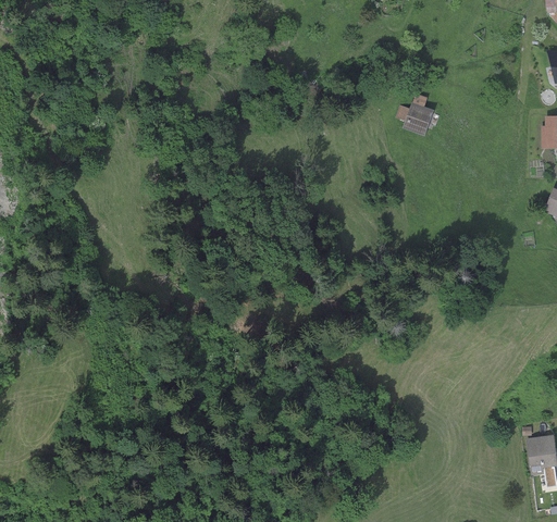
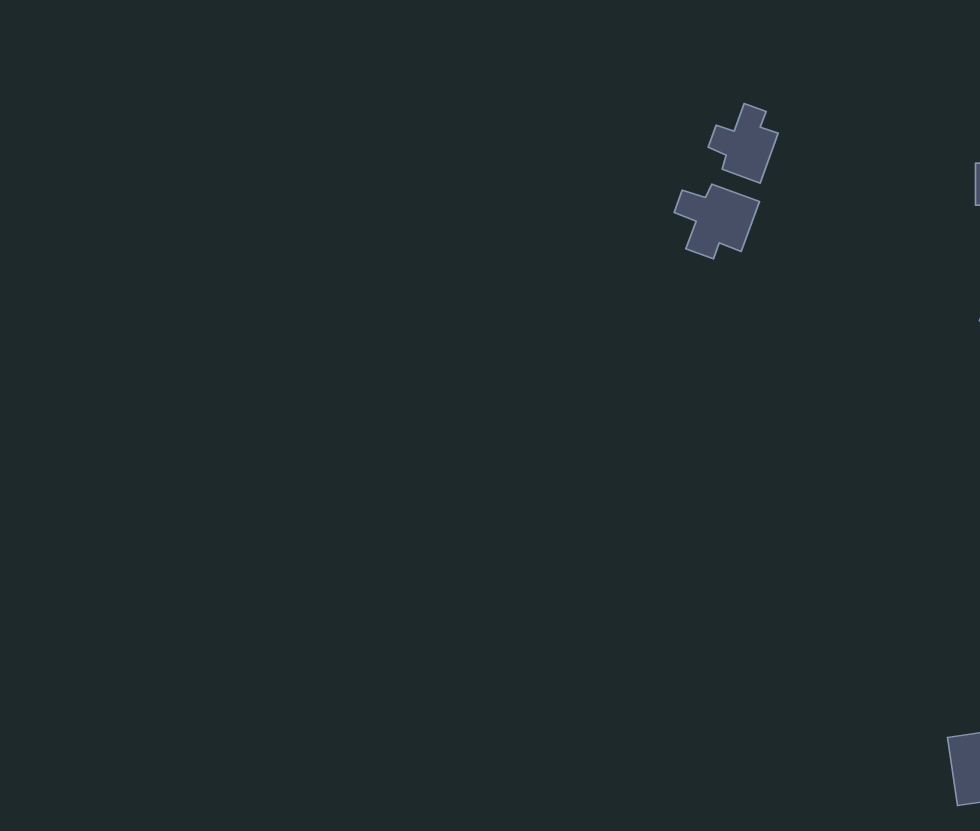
building: none -> [674,184,760,259]

